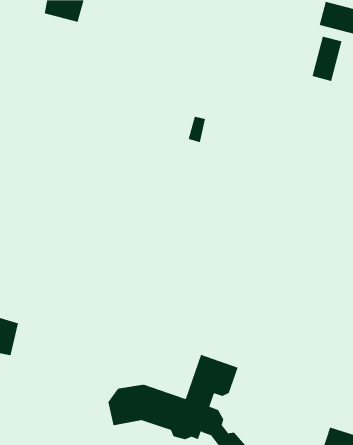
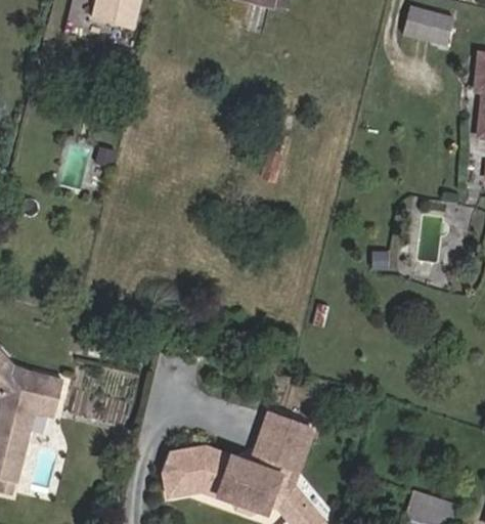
building: [312,36,342,82] -> none

